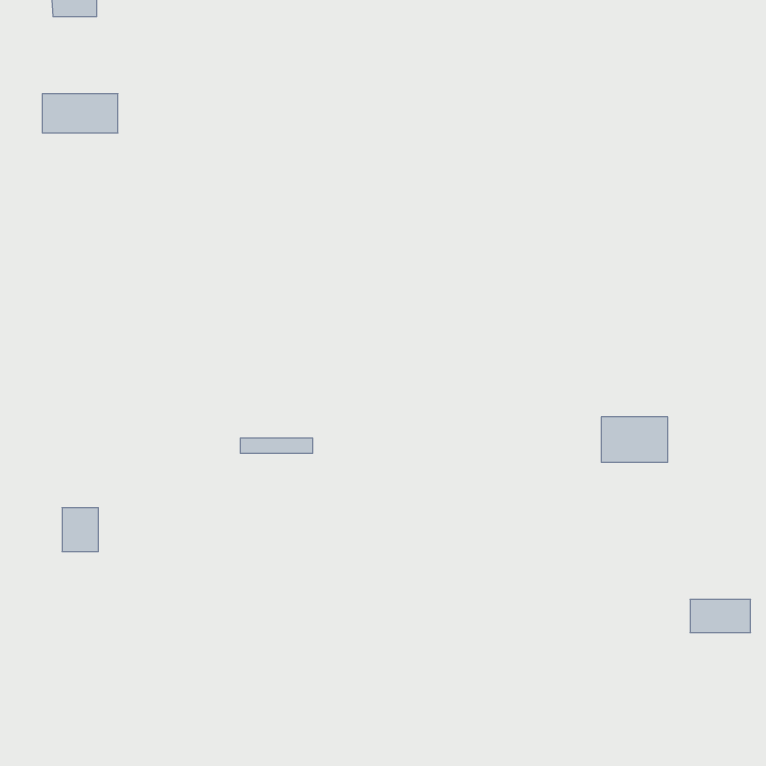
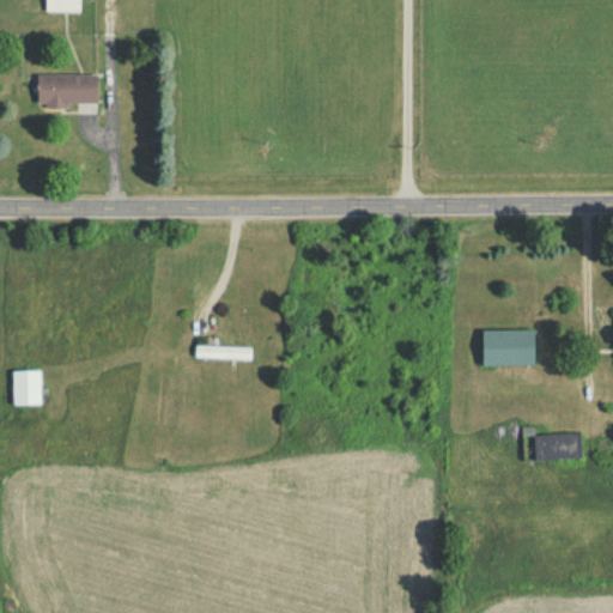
building: [62,508,98,552] -> [13,370,42,405]
building: [690,599,751,633] -> [535,433,583,460]

